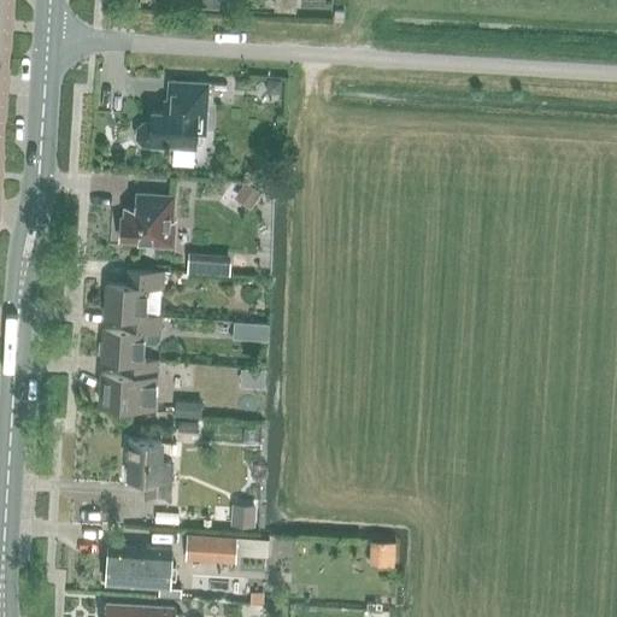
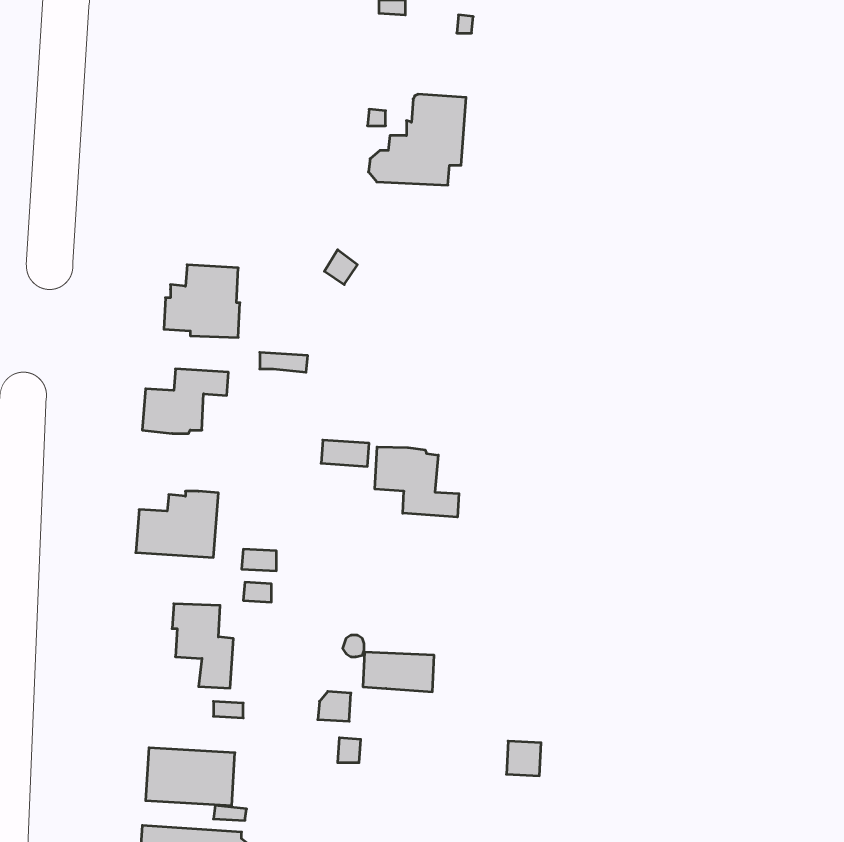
building: [136,83,207,149] -> [368,94,466,185]
building: [101,316,161,364] -> none
building: none -> [375,447,459,517]
building: [186,536,237,565] -> [363,652,434,692]

